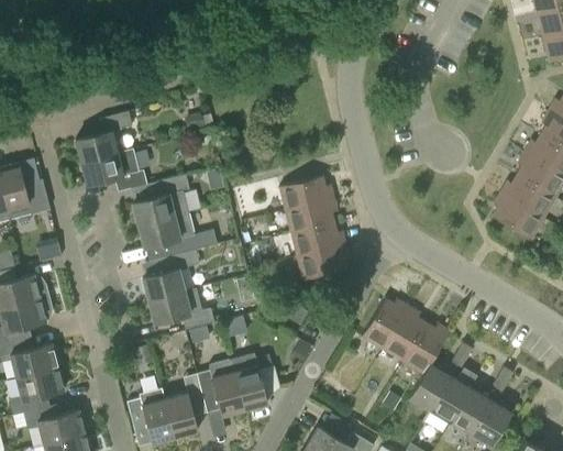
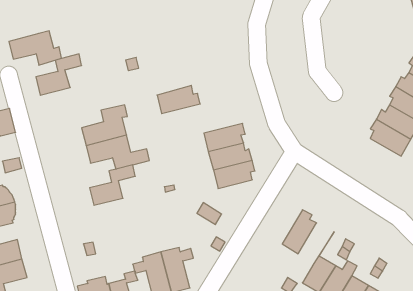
building: [80,150,146,192] -> [9,31,62,65]
building: [279,175,333,210] -> [157,85,200,114]
building: [147,292,213,330] -> none
building: [362,298,408,349] -> none
building: [402,322,449,373] -> none

